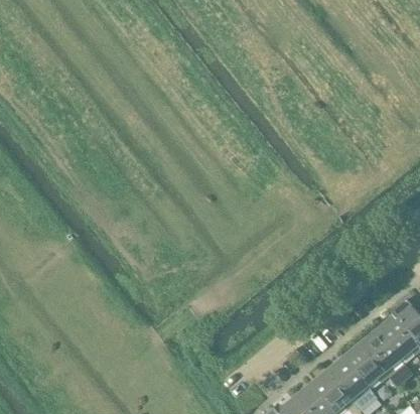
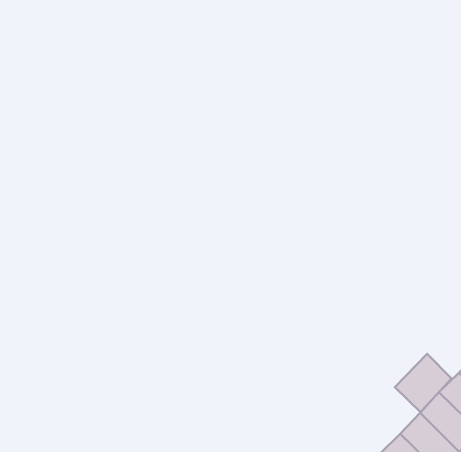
building: none -> [395,354,452,412]

